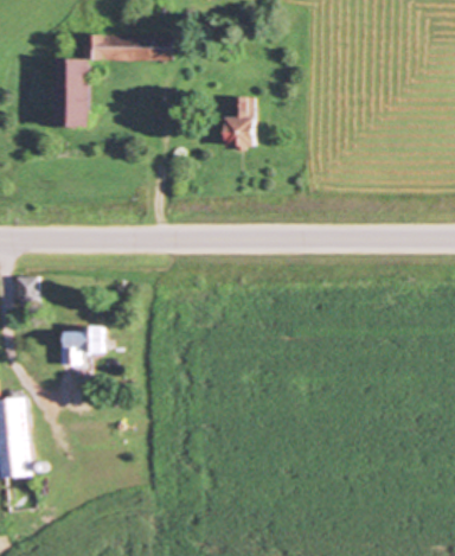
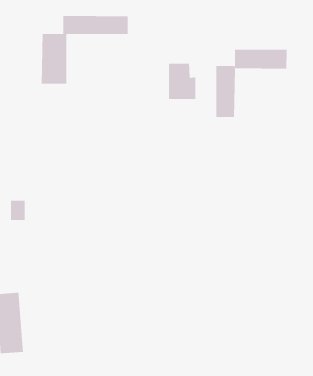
building: none -> [215,49,288,118]
building: [58,327,103,368] -> none

